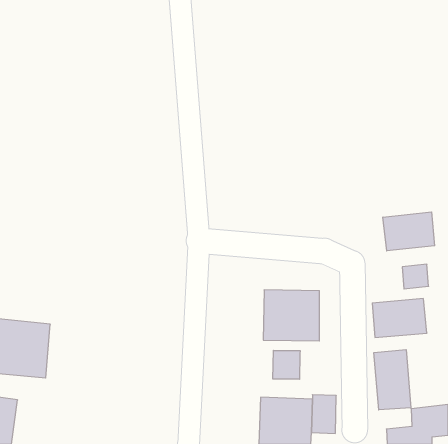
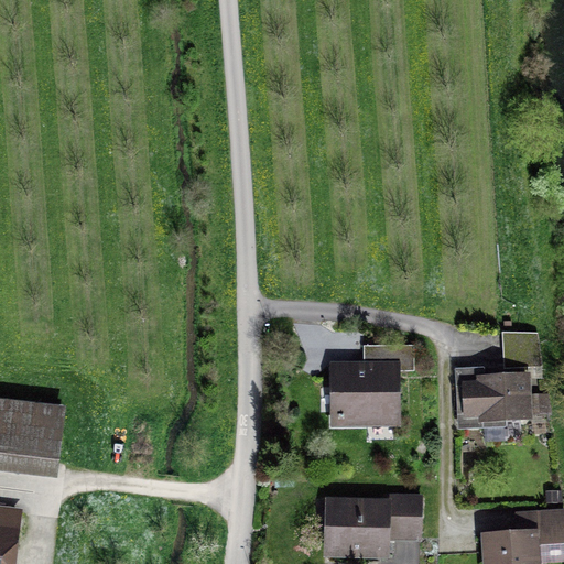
building: [383,212,435,251] -> none
building: [374,350,411,410] -> none
building: [273,350,300,379] -> none

